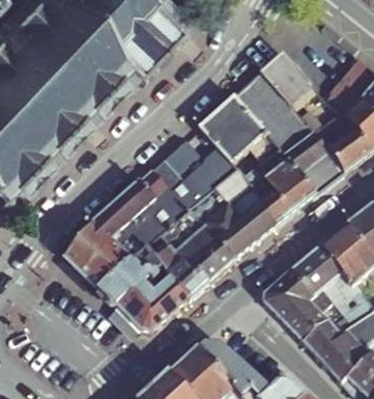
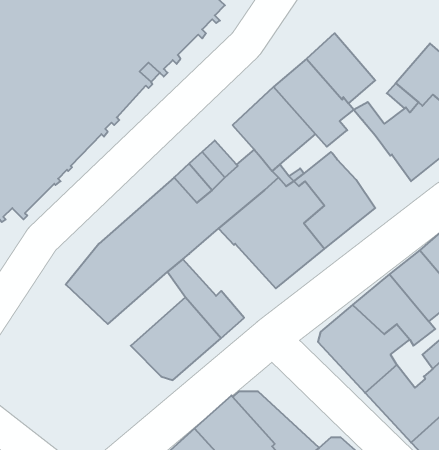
building: [276,112,344,192] -> none
building: [159,208,234,281] -> none
building: [97,244,161,304] -> none

